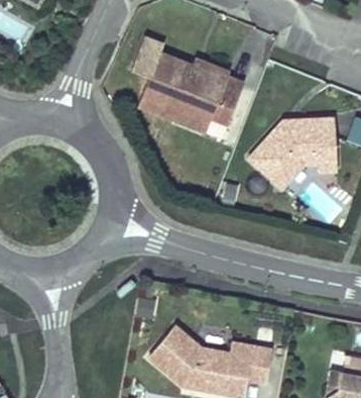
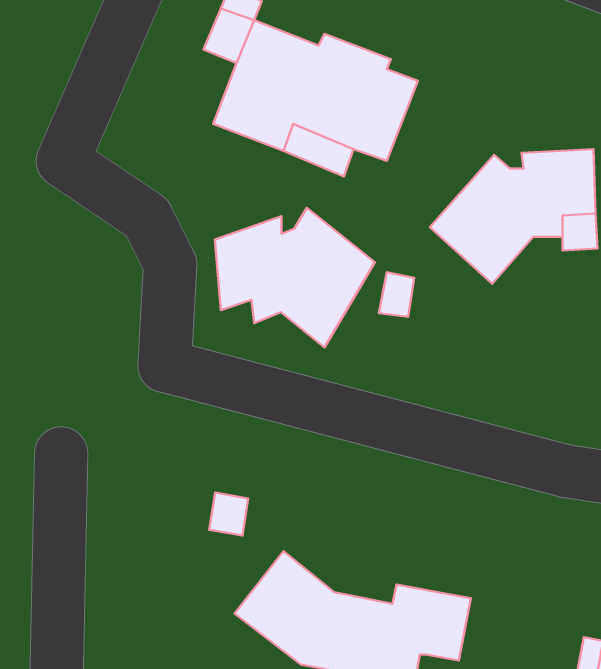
building: none -> [215,208,375,348]

